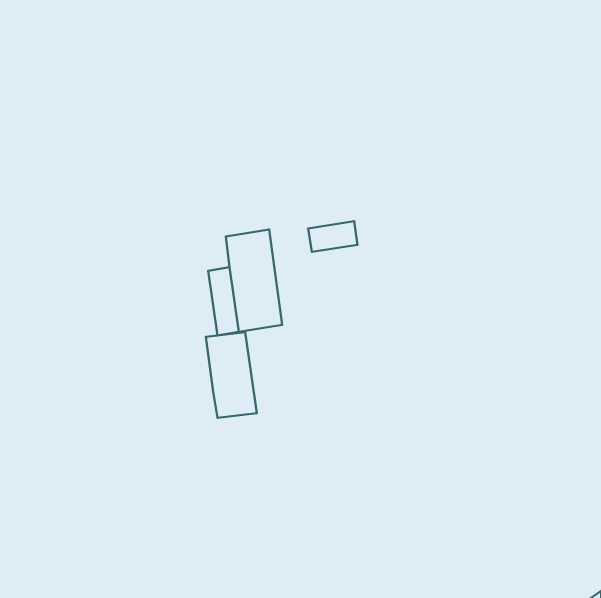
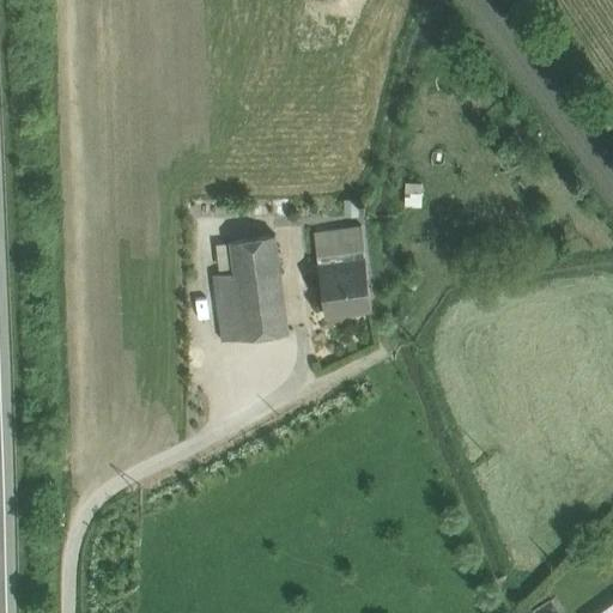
building: none -> [317,253,371,318]
building: [206,332,257,418] -> none

